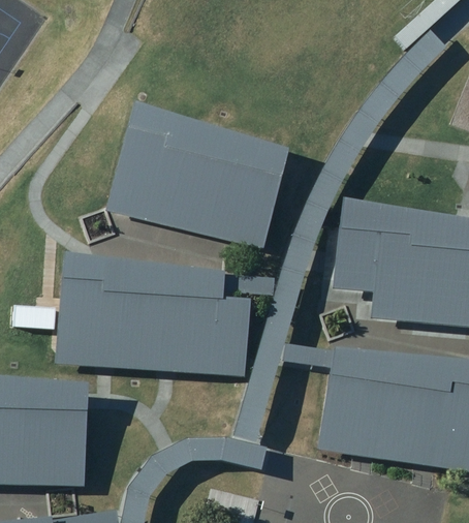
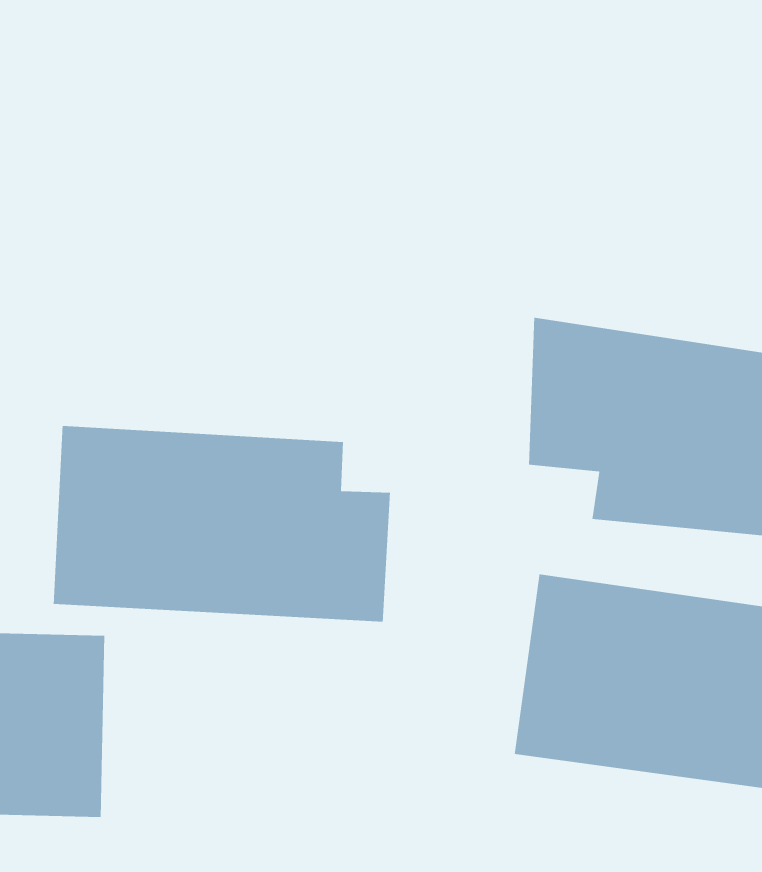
building: [107,110,289,247] -> none

